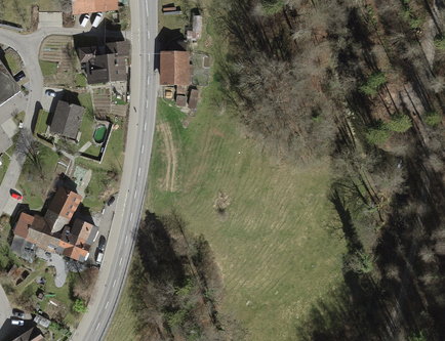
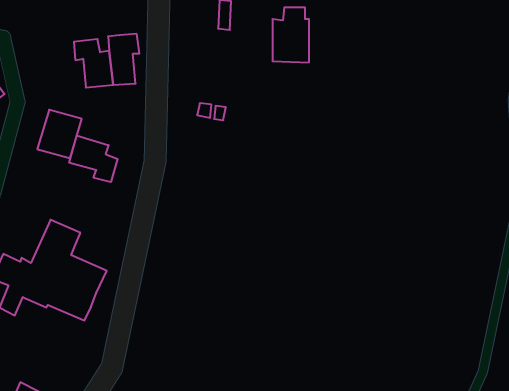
building: [159,42,188,85] -> [272,7,309,62]
building: none -> [69,136,118,182]

